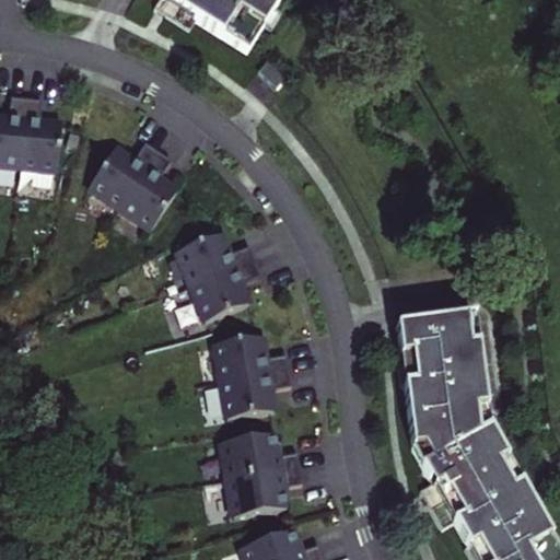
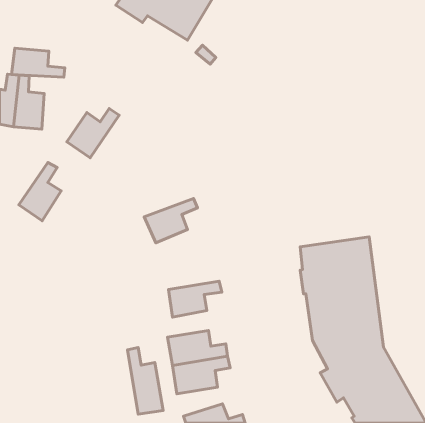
building: none -> [12,48,65,77]
building: [118,151,174,228] -> [19,162,61,221]
building: [176,233,254,284] -> none
building: [214,335,288,380] -> none
building: none -> [127,347,163,414]

